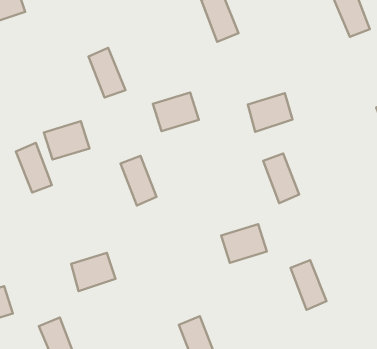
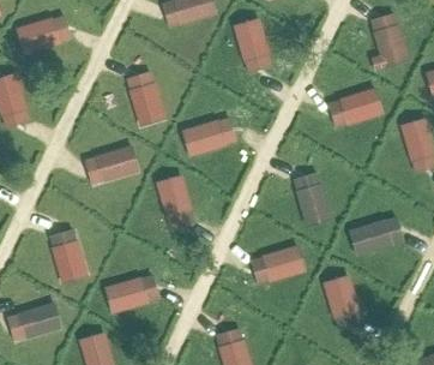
building: [248,93,292,132] -> [331,85,374,122]
building: [16,143,52,192] -> [47,231,82,279]
building: none -> [349,216,392,253]

